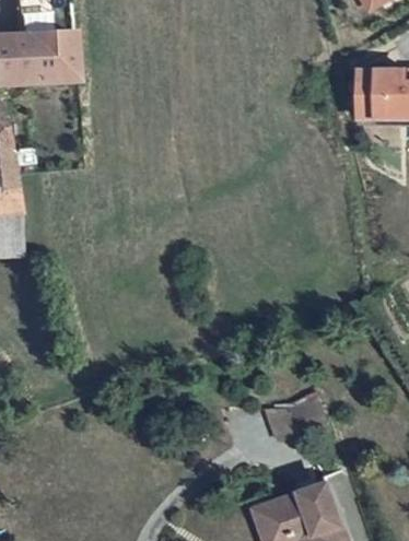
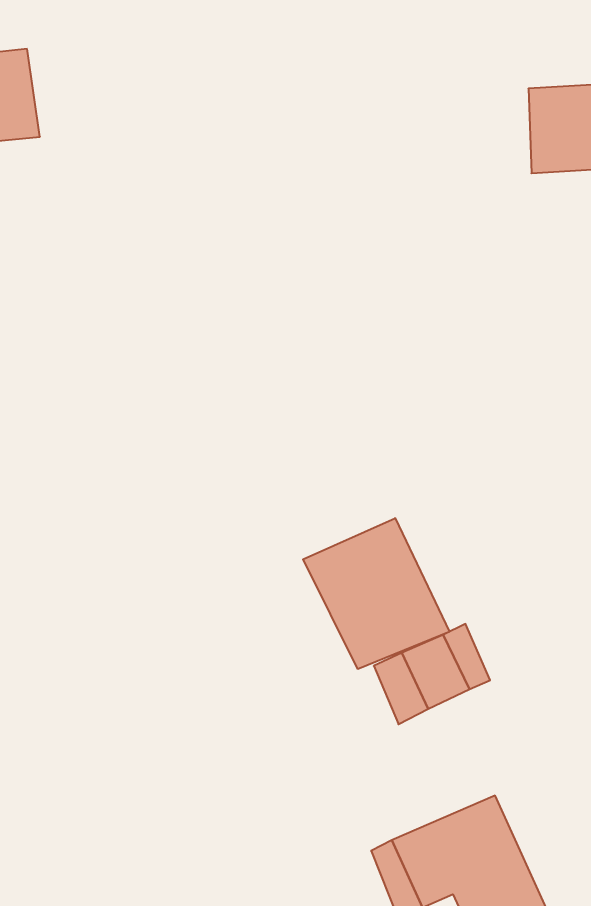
building: none -> [303,518,450,669]

